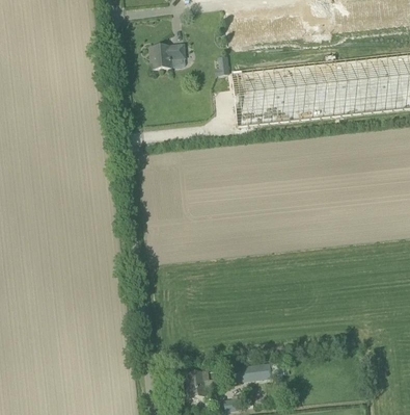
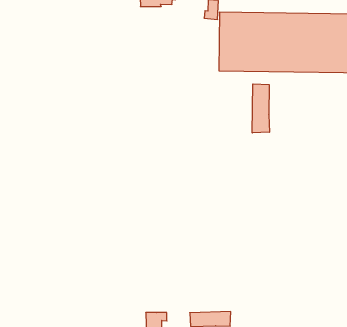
building: none -> [252,84,269,133]

